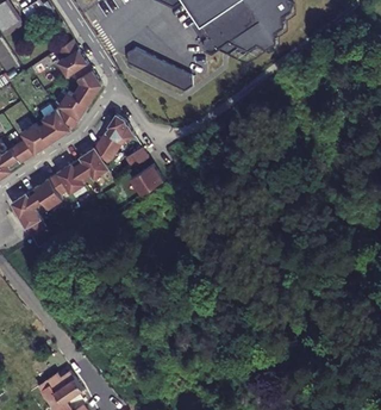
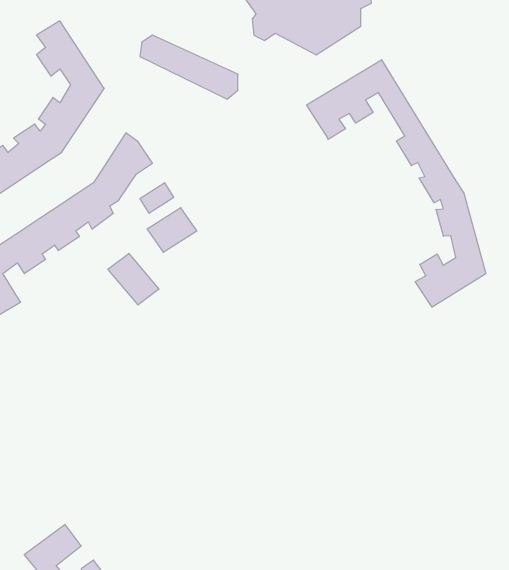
building: none -> [307,60,486,307]
building: none -> [108,253,159,305]

